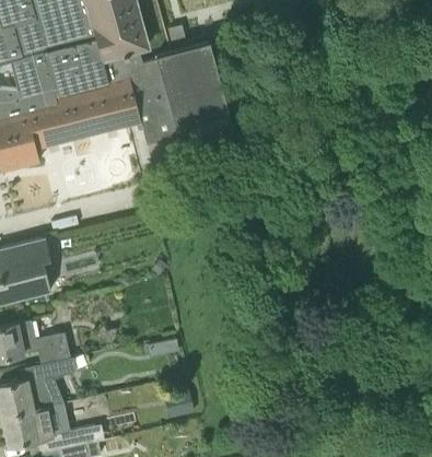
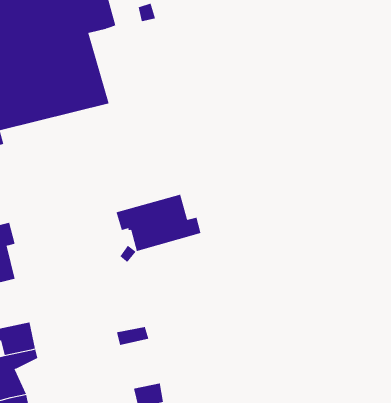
building: [121,42,252,148] -> none
building: none -> [116,194,201,252]

